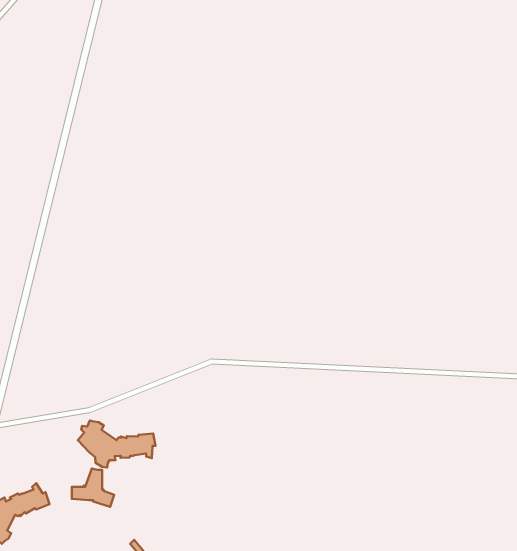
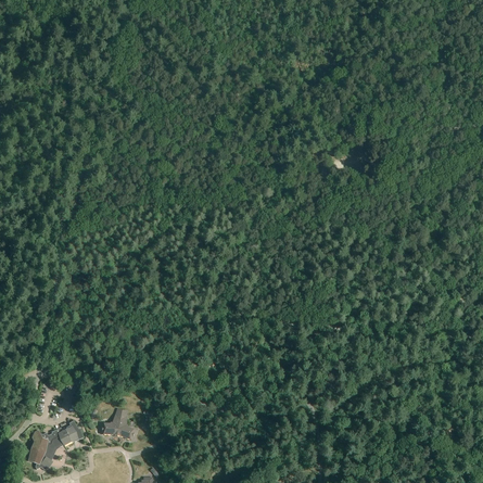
building: [78,420,156,467] -> none

